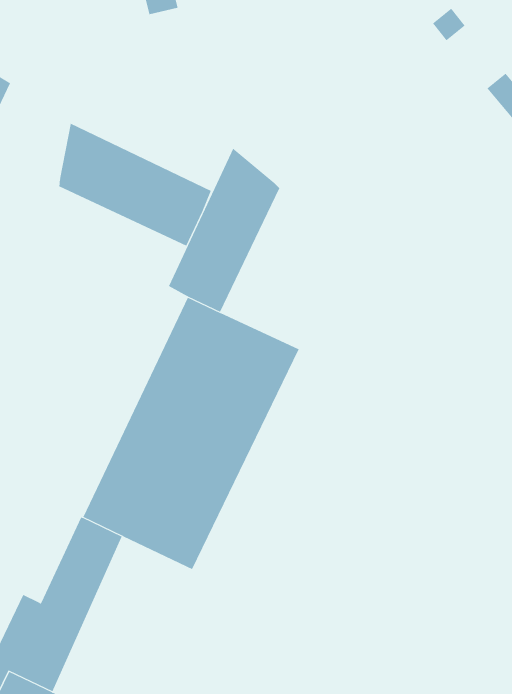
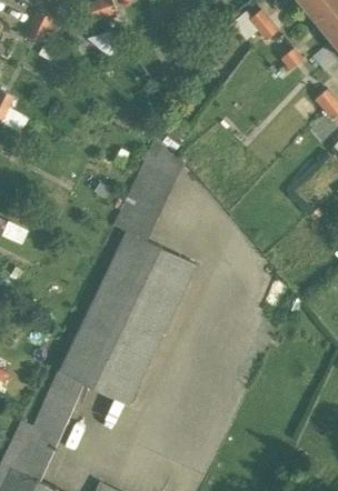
building: [59,123,212,247] -> none

